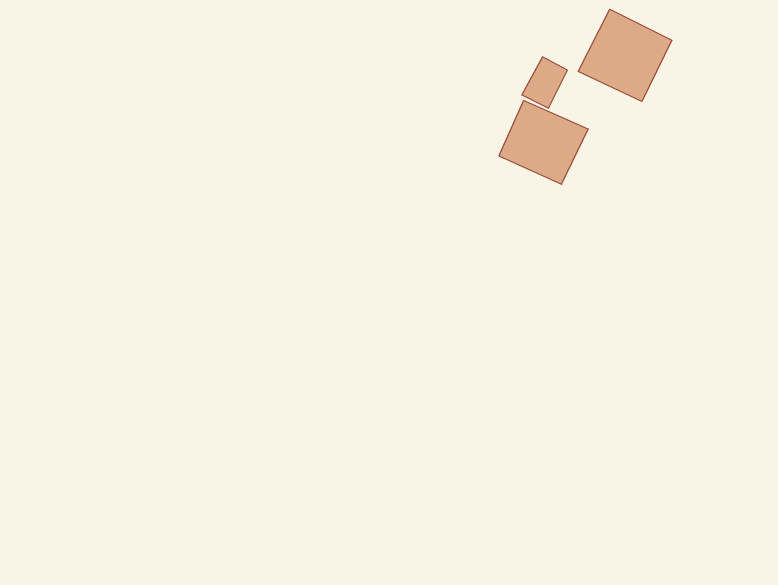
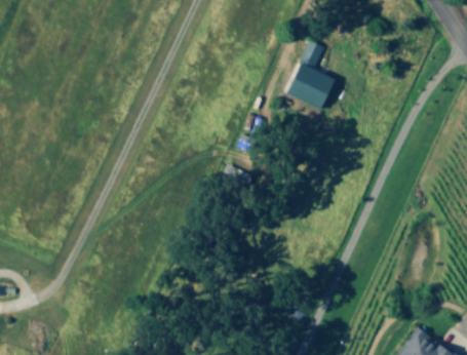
building: [578,9,672,101] -> none

